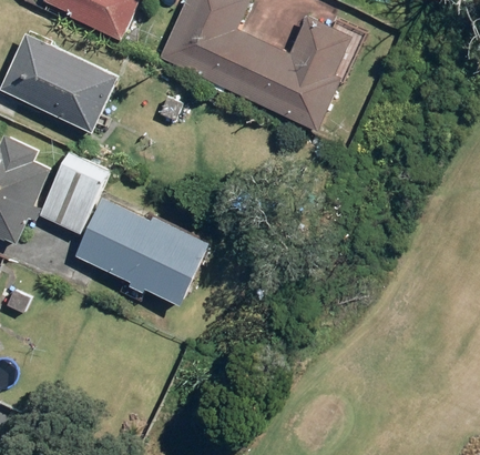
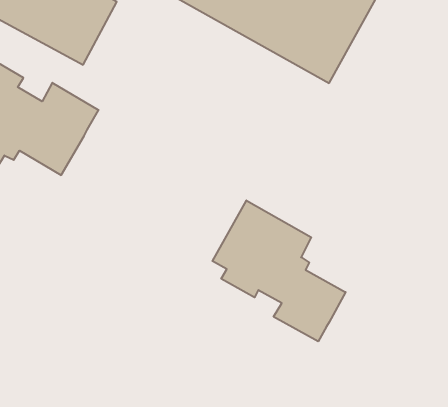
building: [72,196,214,306] -> none
building: none -> [212,200,346,341]

